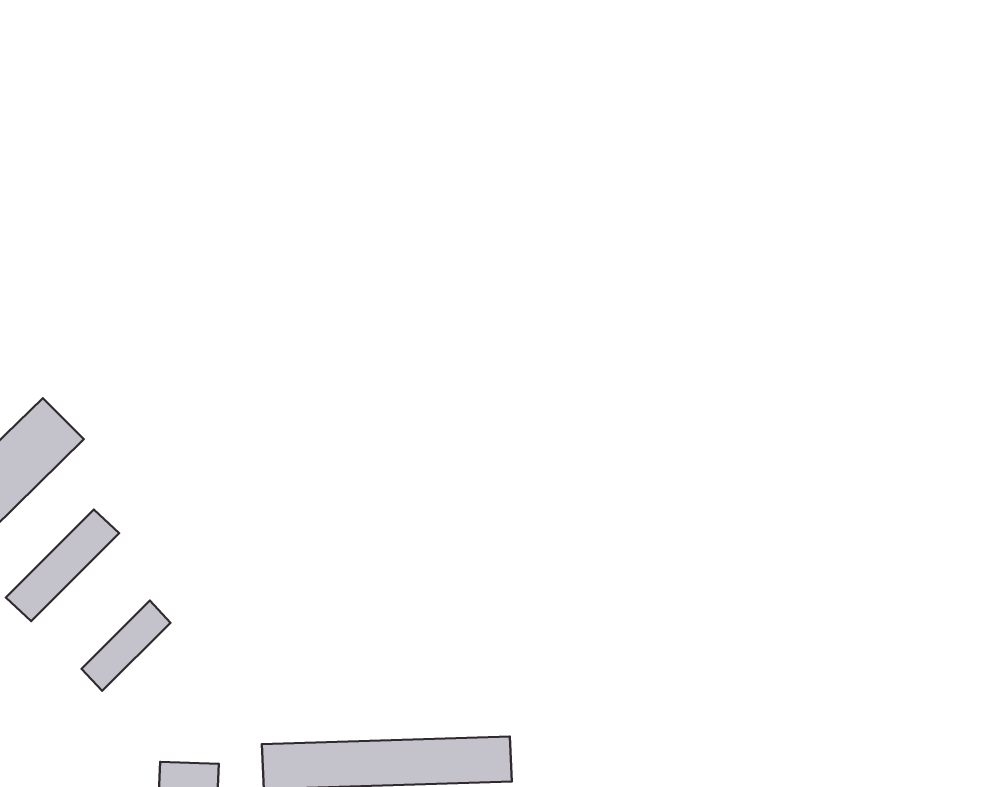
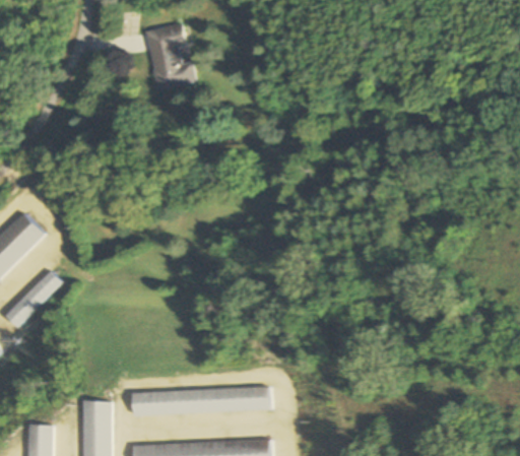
building: none -> [145,22,193,89]
building: [81,600,170,691] -> none

